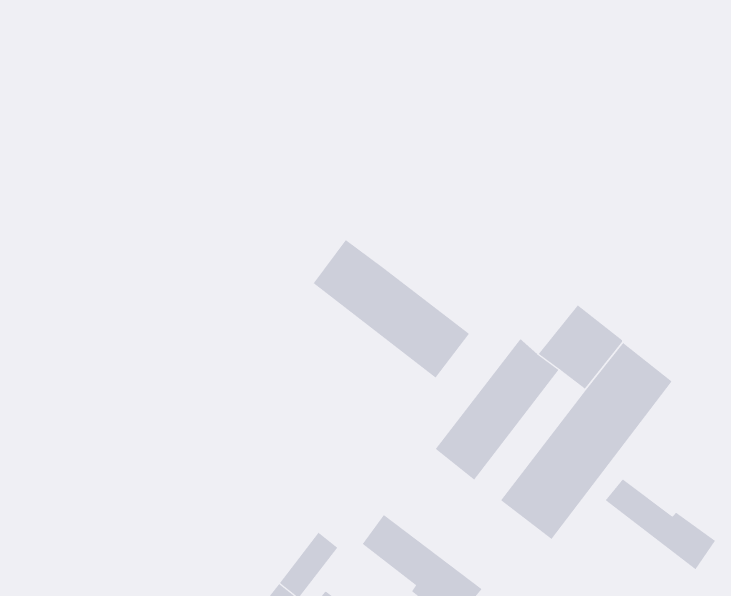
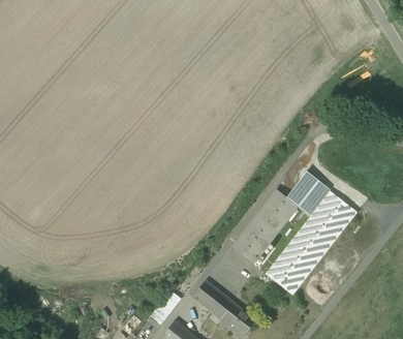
building: [313,239,470,378] -> none
building: [605,478,716,570] -> none

